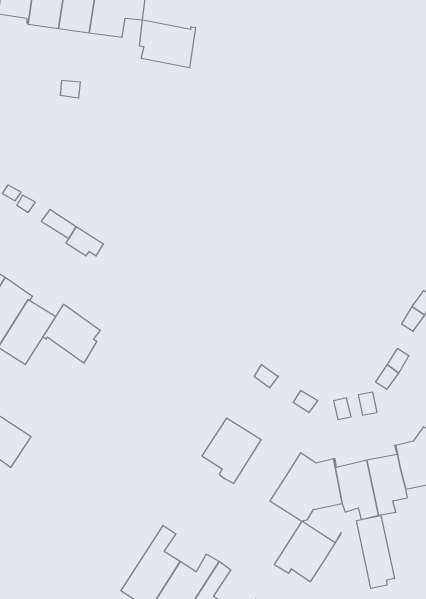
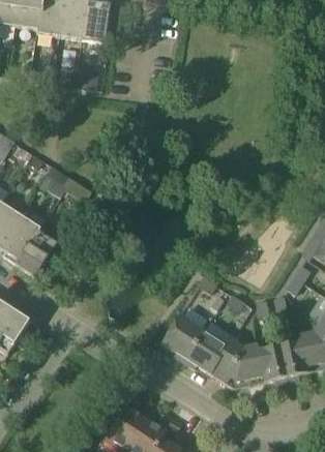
building: [140,20,195,68] -> none
building: [43,304,100,363] -> none
building: [357,515,395,588] -> none
building: [274,521,341,582] -> [184,329,232,372]

